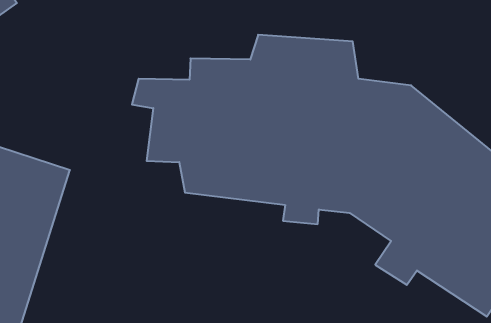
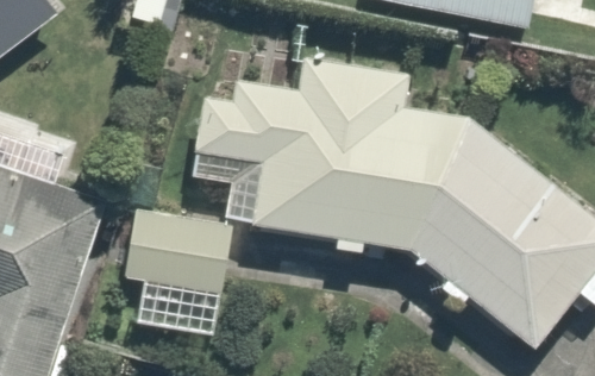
building: none -> [114,218,228,338]

